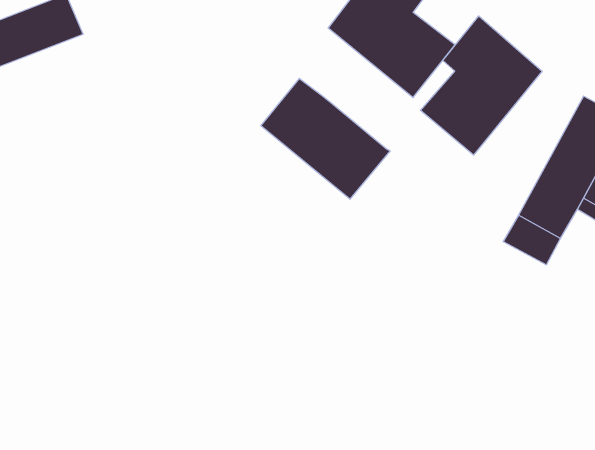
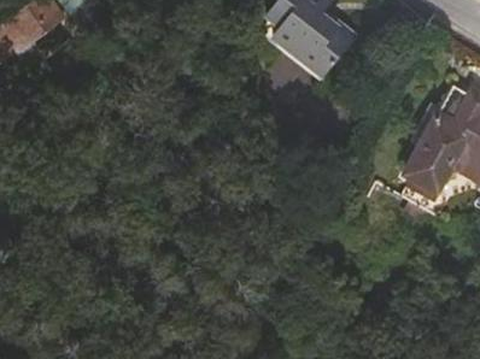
building: [421,16,542,155] -> none
building: [261,78,390,199] -> none

